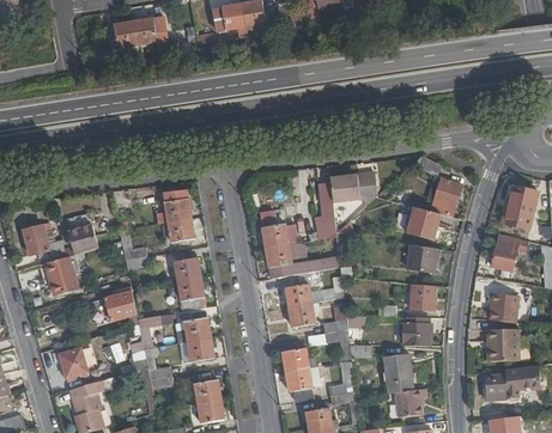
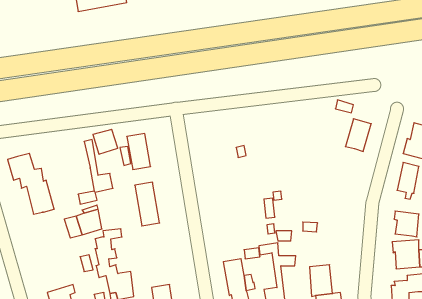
building: [317,172,375,238] -> none
building: [404,208,439,242] -> none
building: [67,222,97,252] -> [93,129,118,154]
building: [261,222,340,325] -> none
building: [406,243,436,270] -> none
building: [410,282,435,307] -> none
building: [402,316,427,346] -> none
building: [184,317,213,360] -> none
building: [59,347,86,377] -> none

